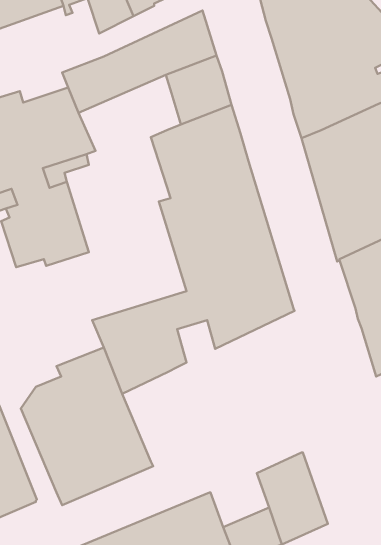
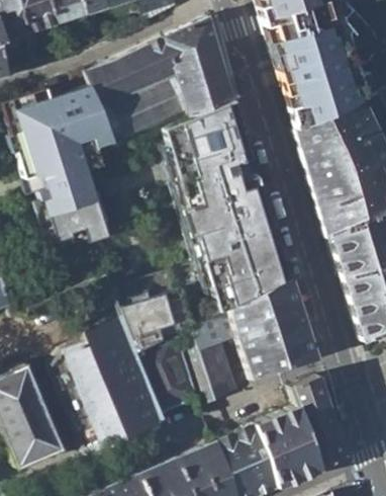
building: none -> [100,73,189,145]
building: none -> [187,277,318,403]
building: none -> [138,334,199,413]
building: none -> [290,376,346,468]
building: none -> [216,423,268,471]

